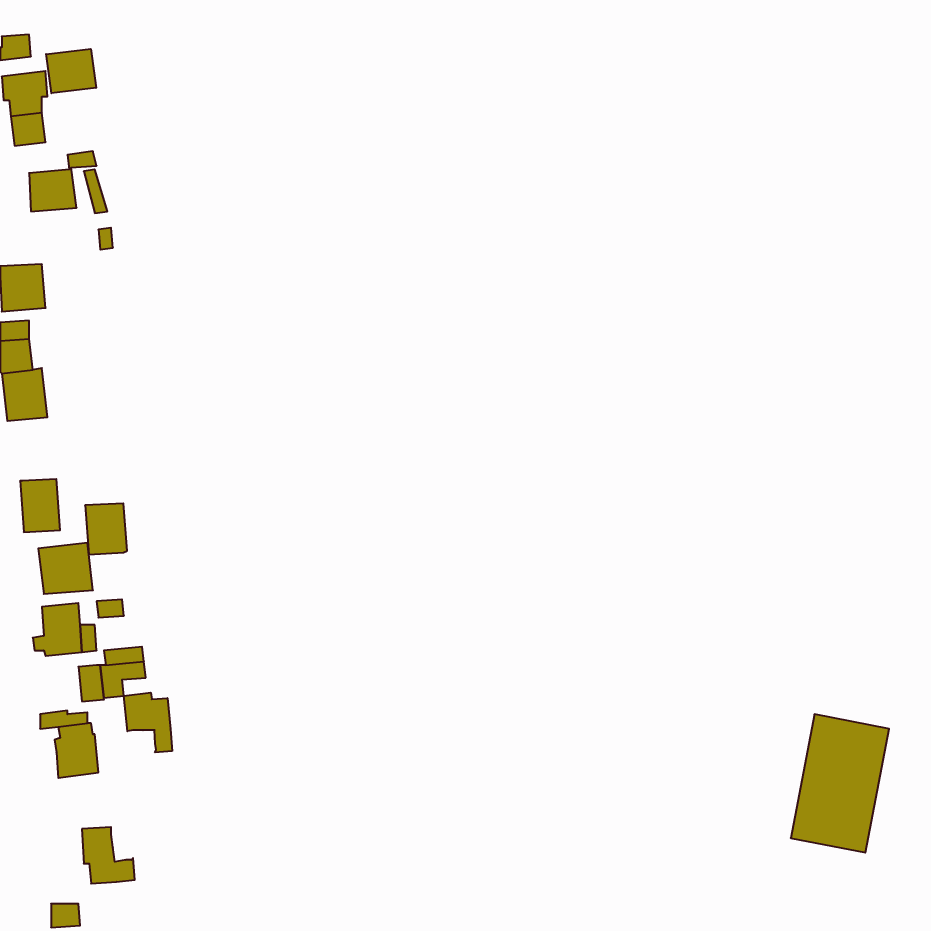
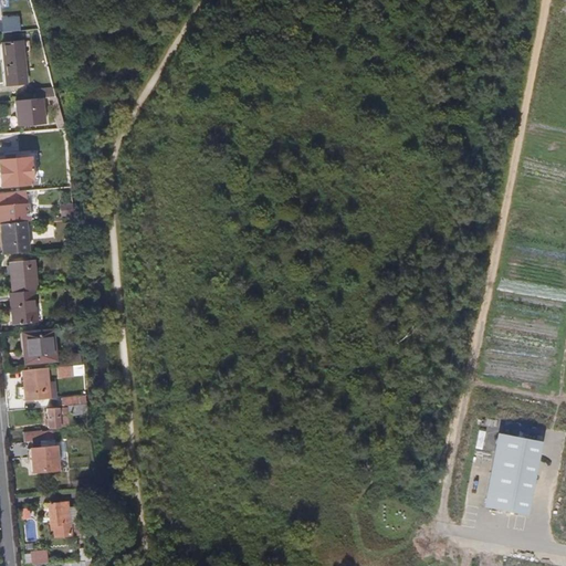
building: [46,49,96,93] -> none
building: [85,503,127,554] -> [11,261,36,292]
building: [124,693,172,752] -> none

